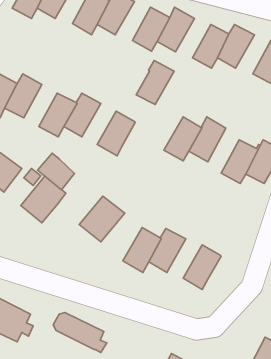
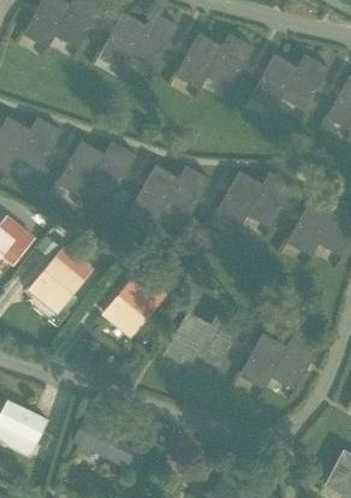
building: [136,61,174,104] -> [162,166,210,221]
building: [37,153,74,190] -> none
building: none -> [270,334,317,390]

